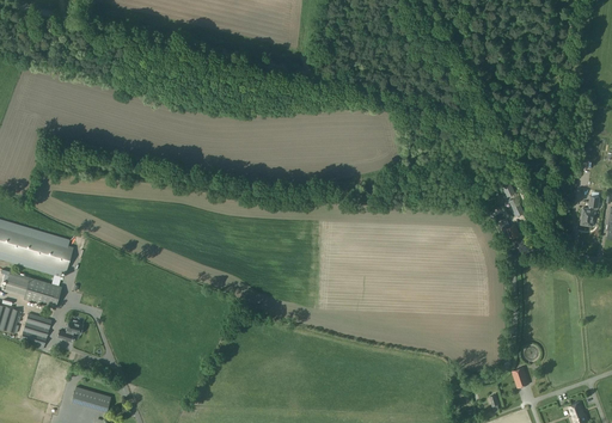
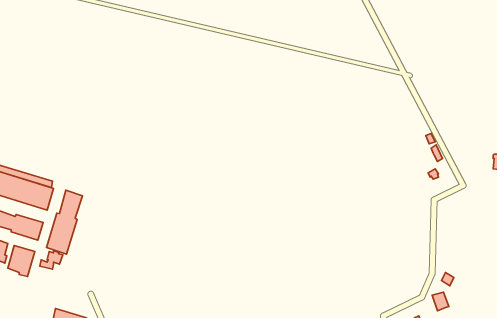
building: none -> [46,190,82,254]

